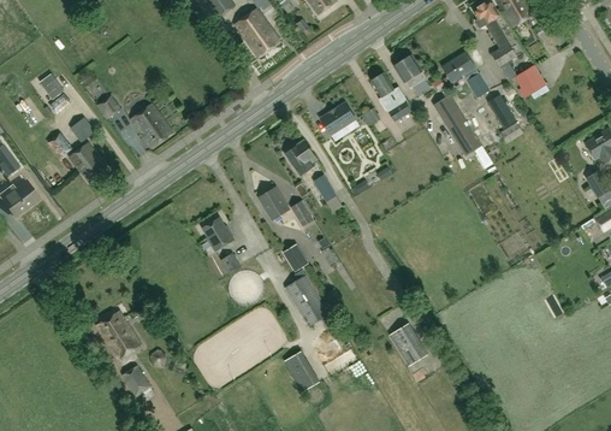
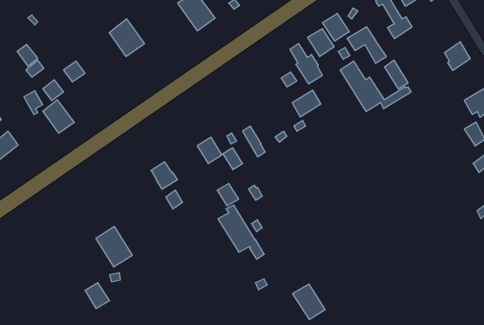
building: none -> [323,13,349,41]
building: [515,64,546,99] -> [445,42,470,70]
building: [130,102,173,148] -> [109,19,144,56]
building: [320,102,355,135] -> [292,90,321,117]
building: [284,140,318,176] -> none
building: [96,309,141,359] -> [96,227,132,267]
building: [388,323,428,366] -> [293,284,325,320]
building: [285,350,320,391] -> none

